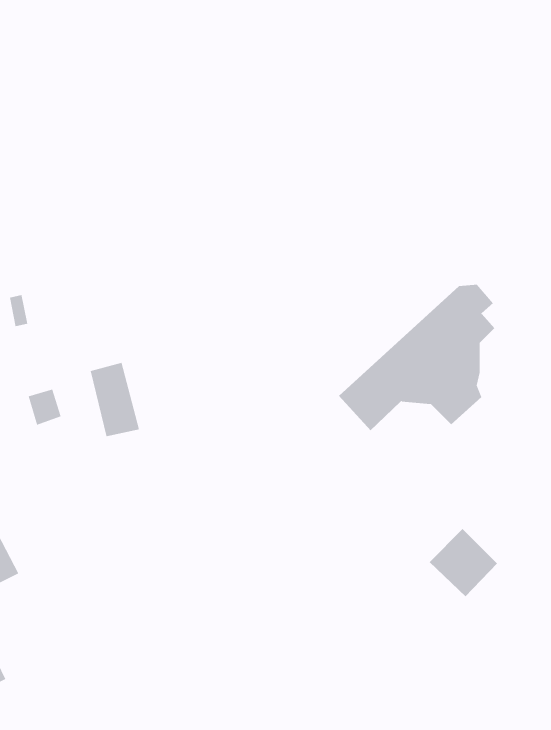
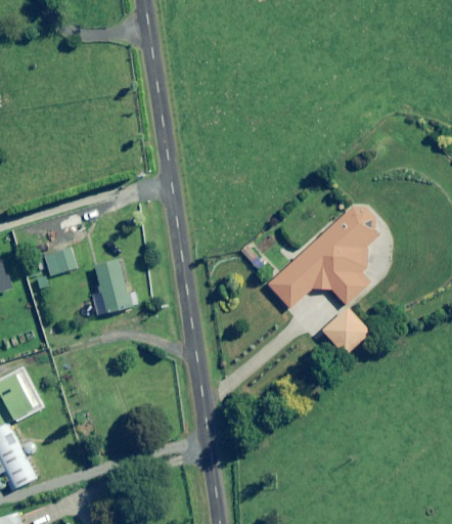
building: [28,389,62,425] -> [54,248,78,273]
building: [429,528,498,597] -> [322,307,370,355]

